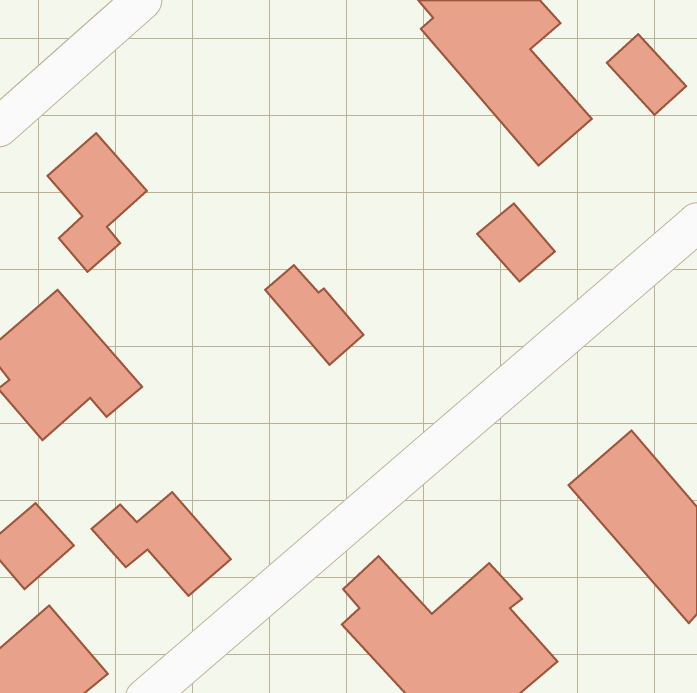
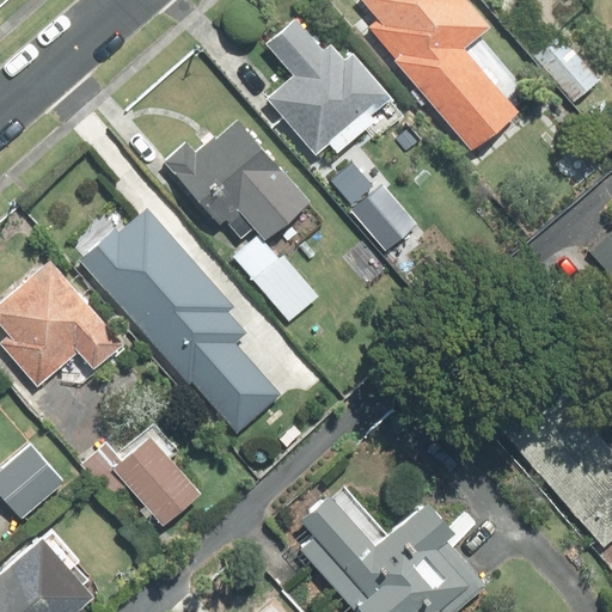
building: none -> [265,18,392,157]
building: none -> [164,118,310,241]
building: [48,133,147,272] -> none
building: [477,204,555,282] -> [349,185,417,253]
building: none -> [79,207,282,437]

